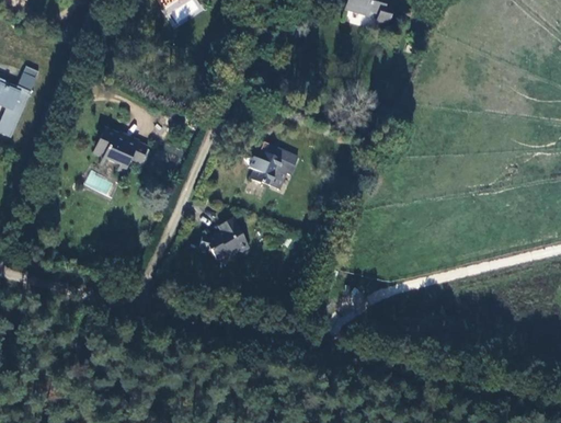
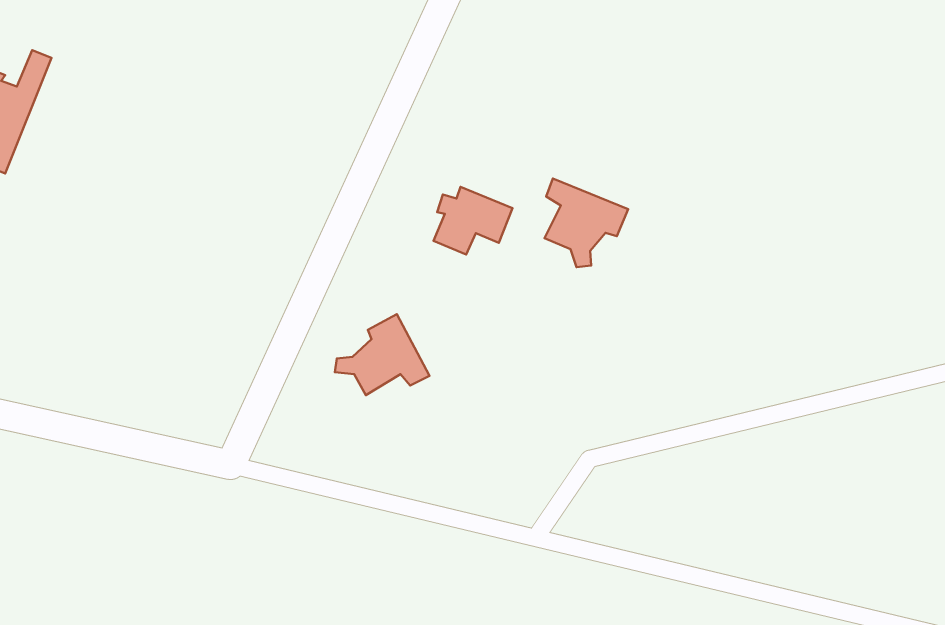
building: [89,130,146,174] -> none
building: none -> [544,178,628,267]

